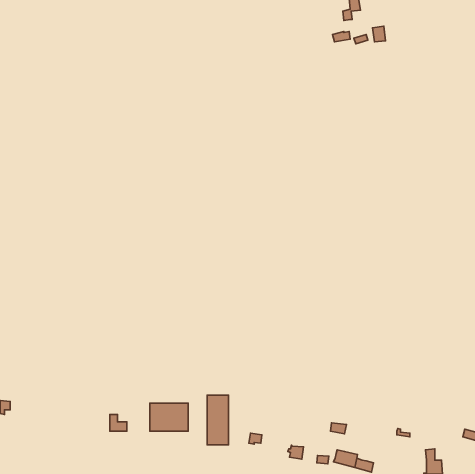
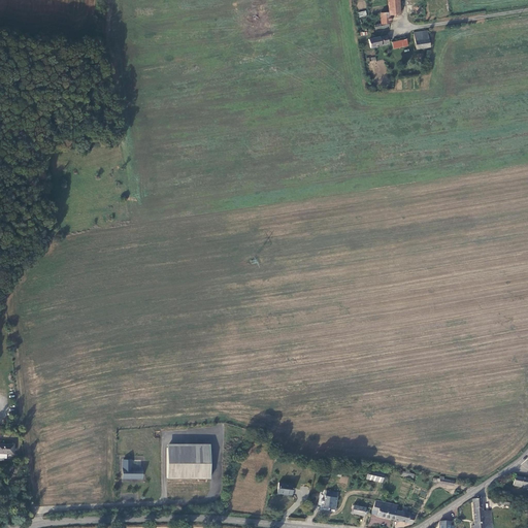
building: [207,395,228,445] -> none

